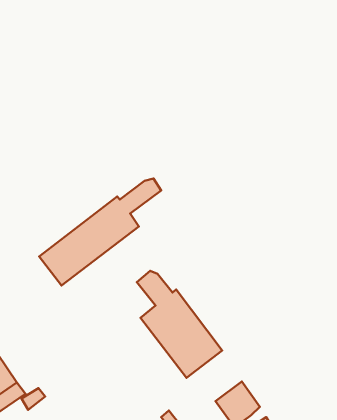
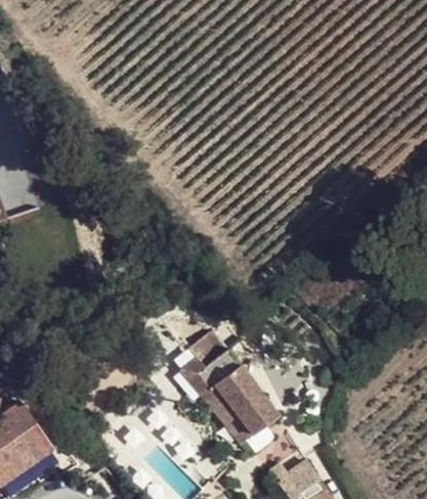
building: [39,178,161,286] -> none

